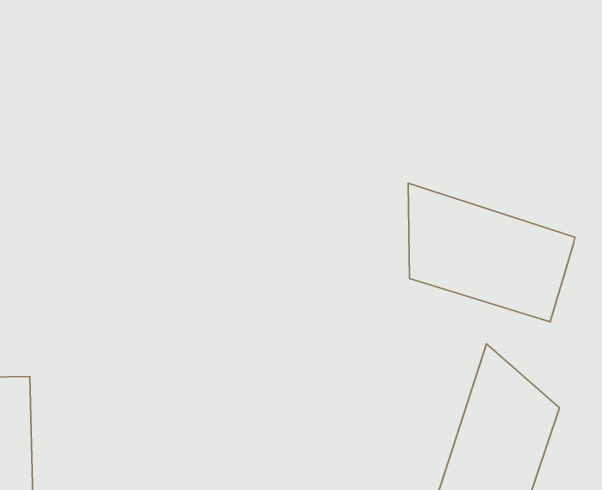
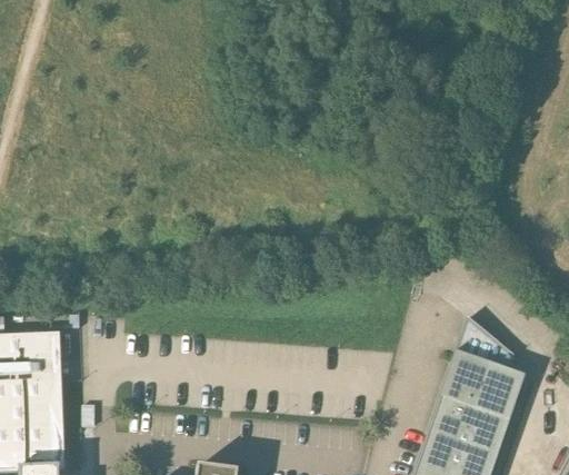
building: [408,183,575,322] -> none

